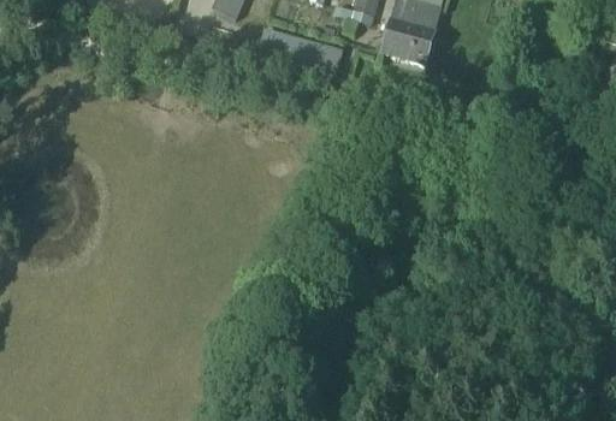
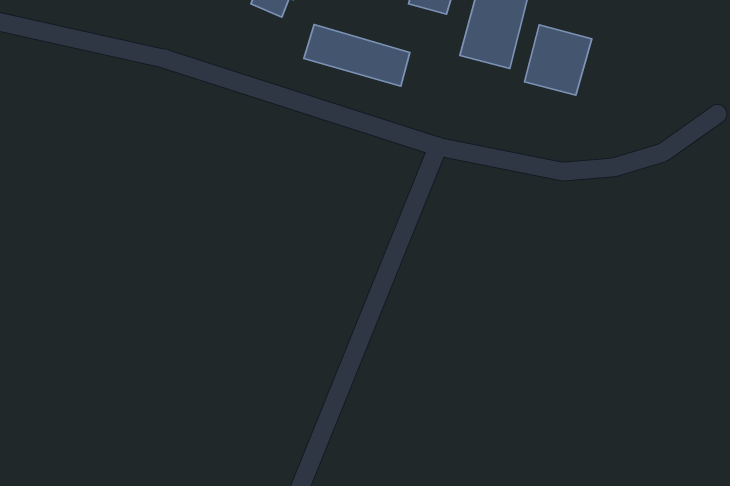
building: none -> [524,25,592,95]

